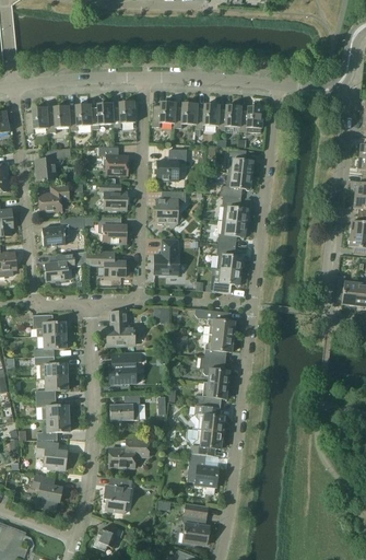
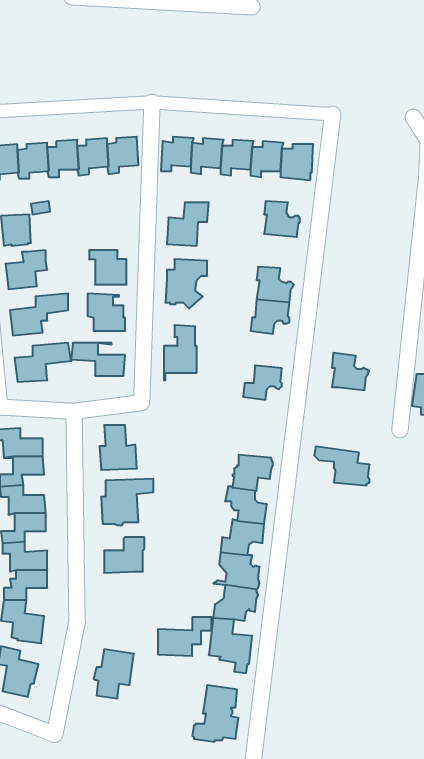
building: [98,147,128,174] -> none
building: [220,172,251,197] -> none
building: [216,243,244,270] -> [332,353,369,390]
building: [194,307,235,336] -> [314,447,370,485]
building: [109,439,149,467] -> [158,617,212,656]
building: [92,524,123,550] -> none

